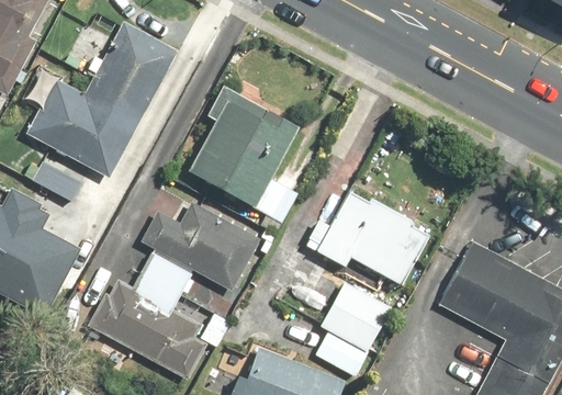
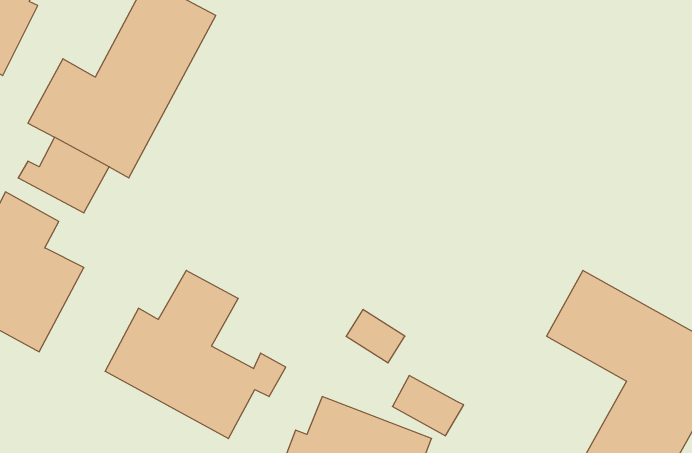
building: [189,83,300,221] -> none
building: [306,190,435,286] -> none
building: [142,200,259,290] -> none
building: [322,281,393,351] -> none

